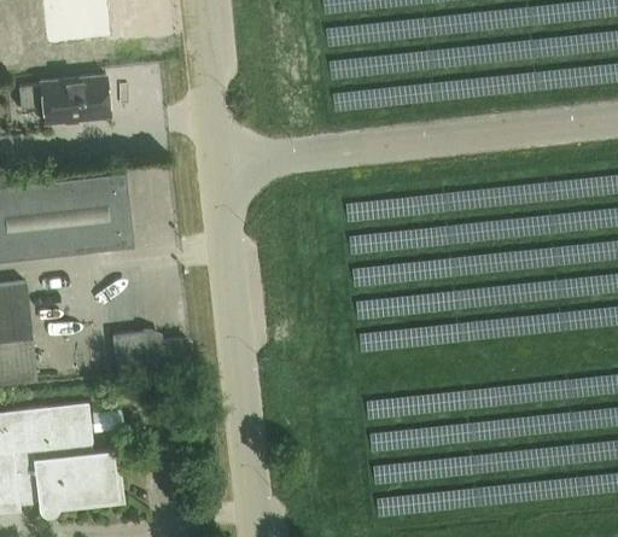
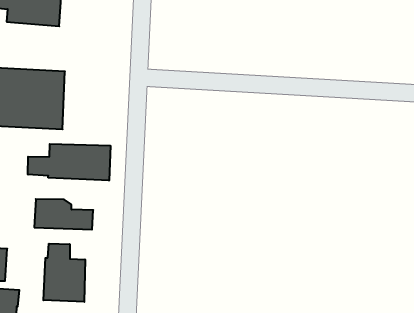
building: none -> [28,144,110,181]
building: none -> [43,244,85,302]

